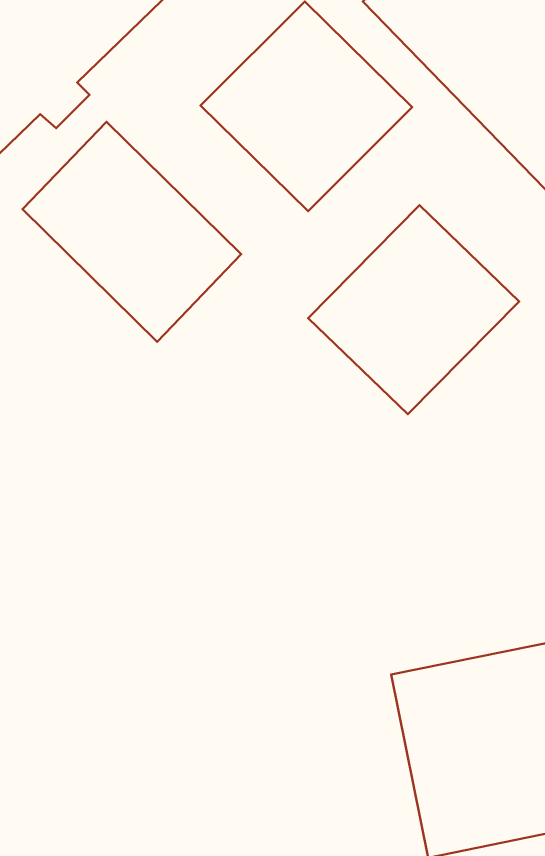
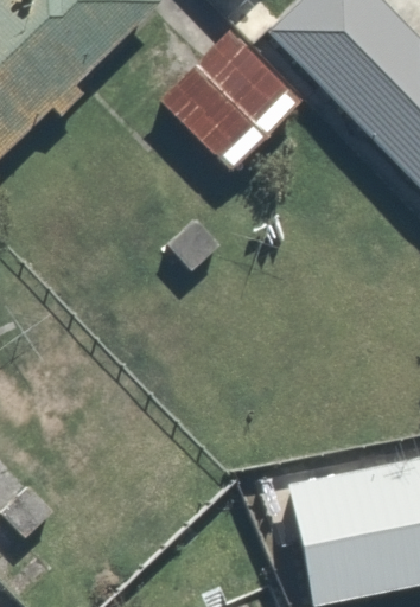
building: [22,122,241,342] -> none
building: [308,205,519,414] -> none

